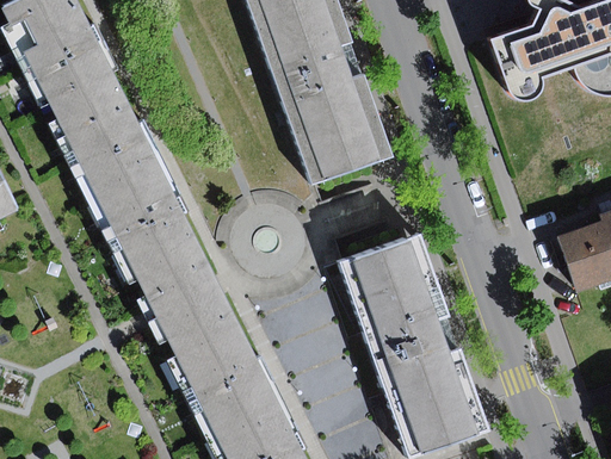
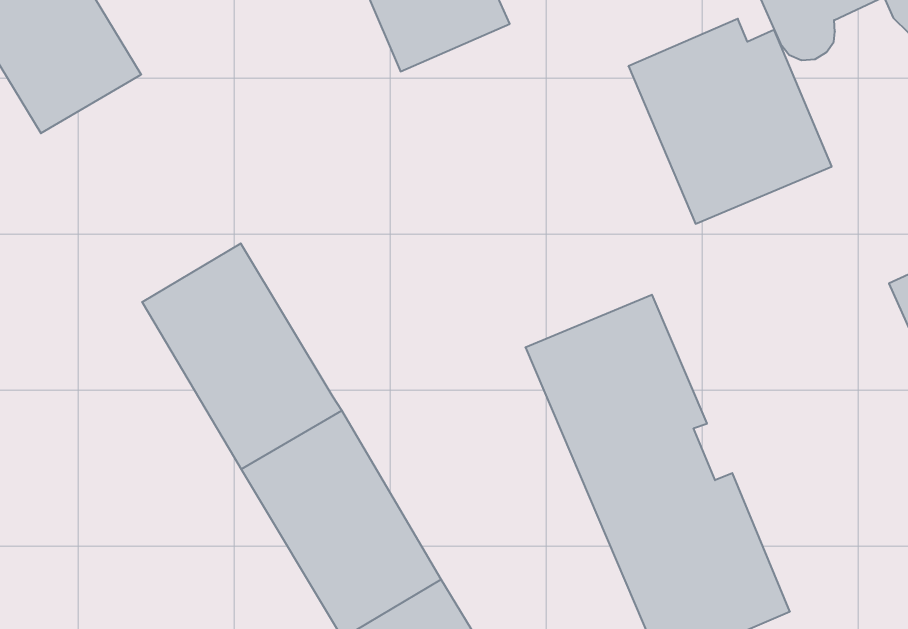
building: [274,66,393,187] -> [628,19,832,224]
building: [55,80,171,217] -> none

